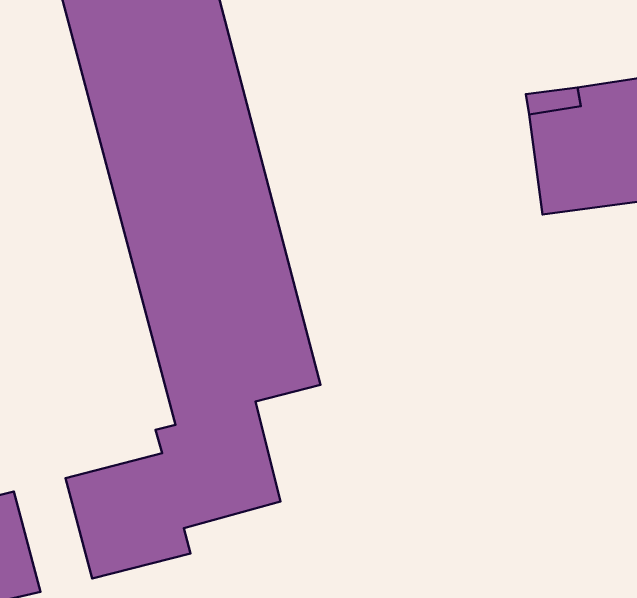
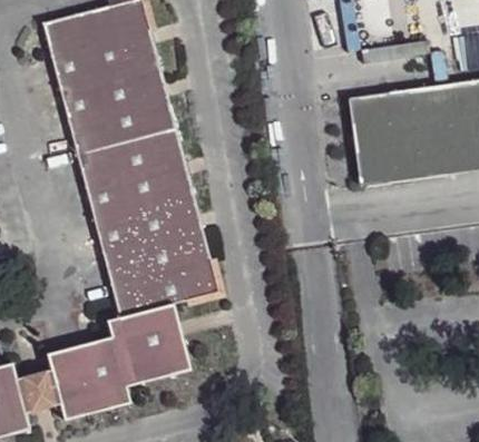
building: none -> [16,371,59,413]

